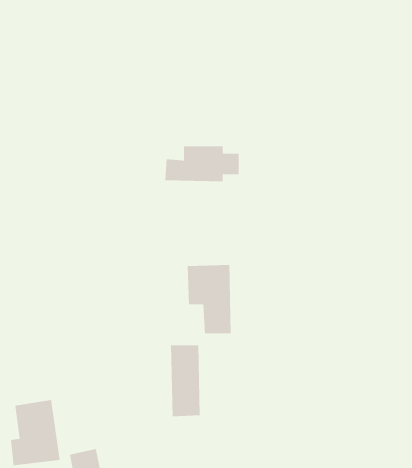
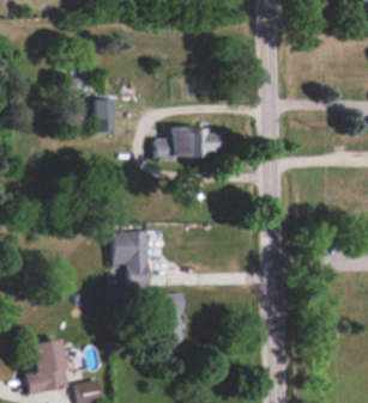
building: none -> [95,98,116,132]
building: [187,264,231,334] -> [114,230,151,287]

